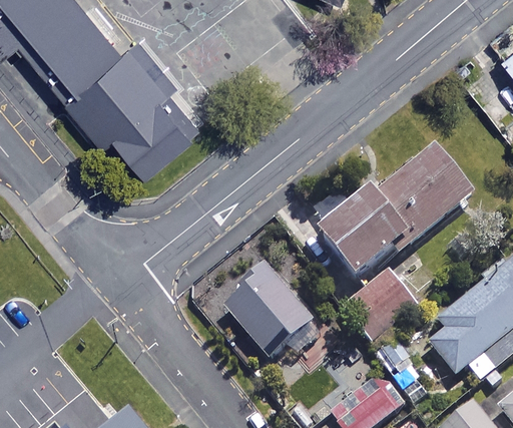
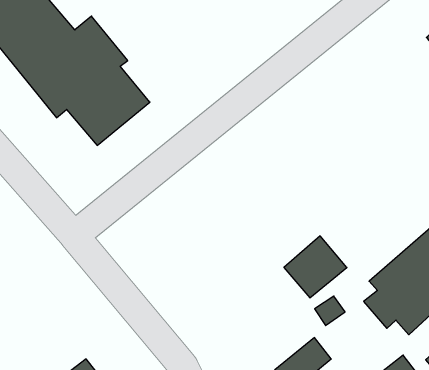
building: [320,147,471,284] -> none
building: [221,267,314,361] -> none

